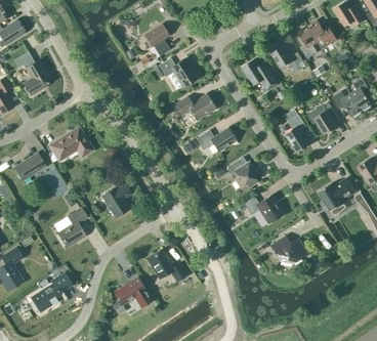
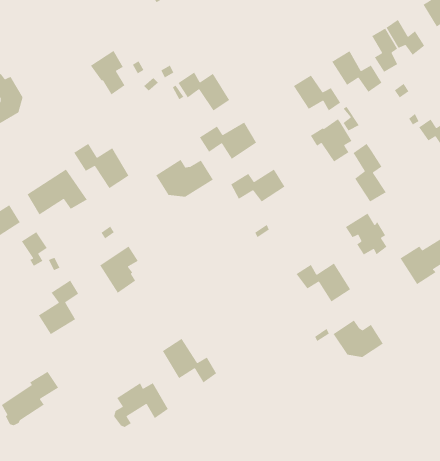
building: [143,24,169,56] -> [90,50,125,96]
building: [307,101,338,133] -> [310,118,352,162]
building: none -> [73,143,130,189]
building: none -> [155,159,214,197]
building: [226,157,257,187] -> [345,213,388,255]

